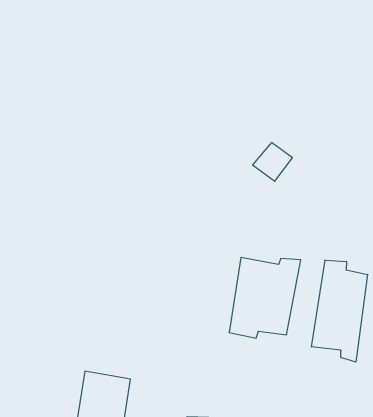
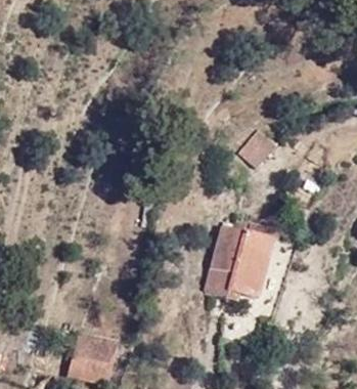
building: [311,260,368,362] -> none

